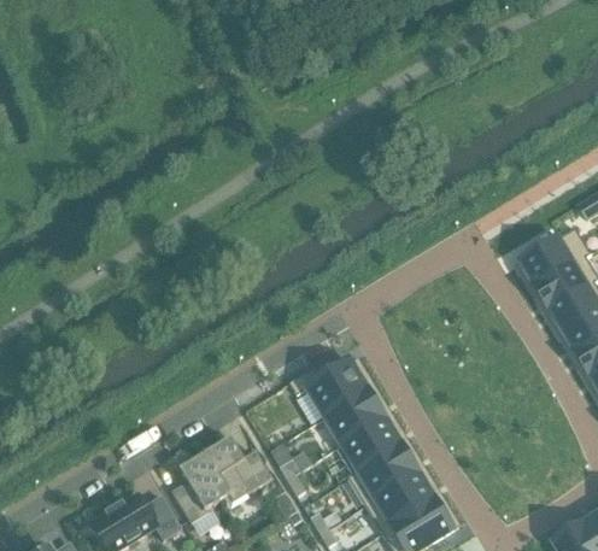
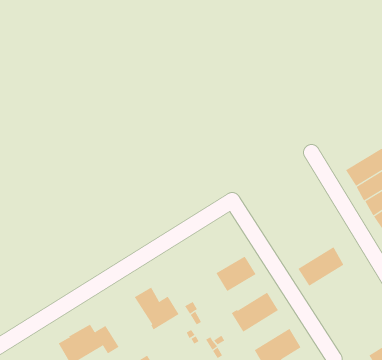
building: [291,361,370,423] -> none
building: [342,417,404,471] -> none
building: [170,452,229,522] -> none
building: [367,471,436,532] -> [298,246,344,286]

